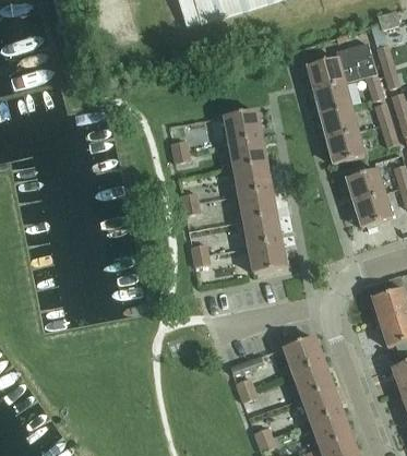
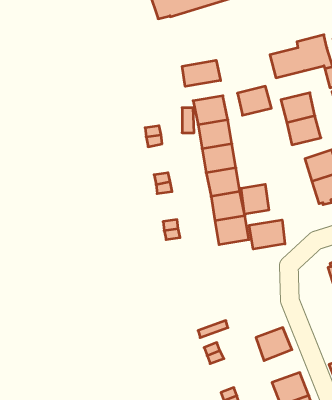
building: none -> [182,60,221,86]
building: [314,82,351,113] -> [237,86,271,115]
building: none -> [241,184,269,214]
building: none -> [249,220,285,249]
building: [283,336,322,373] -> none
building: [301,386,340,422] -> none

